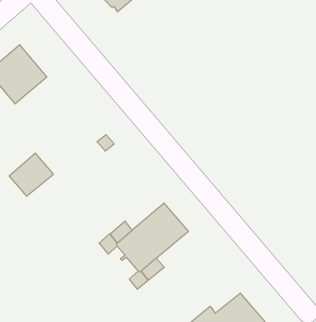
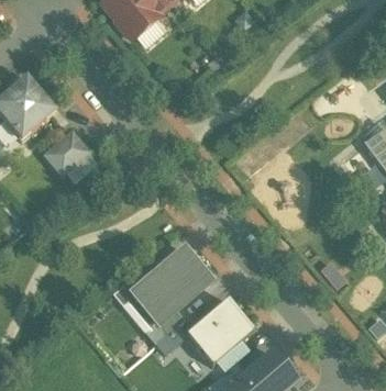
building: [9,153,53,196] -> [44,127,92,175]
building: none -> [187,297,254,362]

